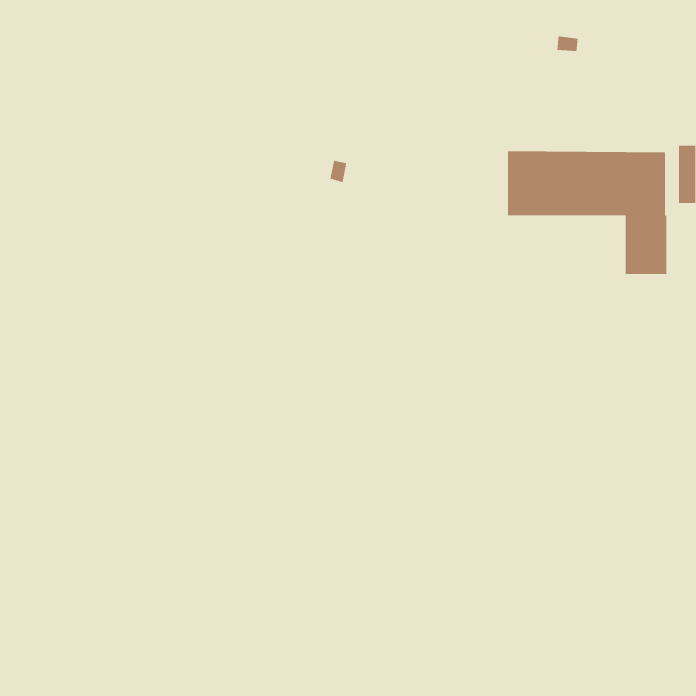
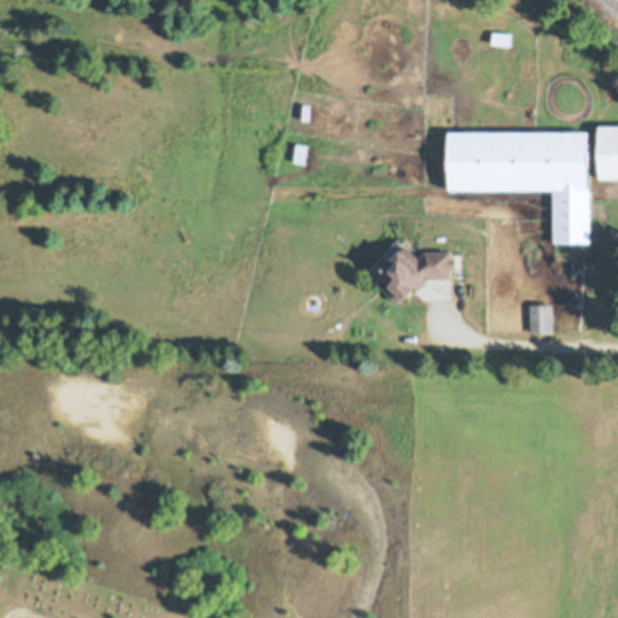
building: none -> [366,237,451,305]
building: none -> [529,303,552,333]

